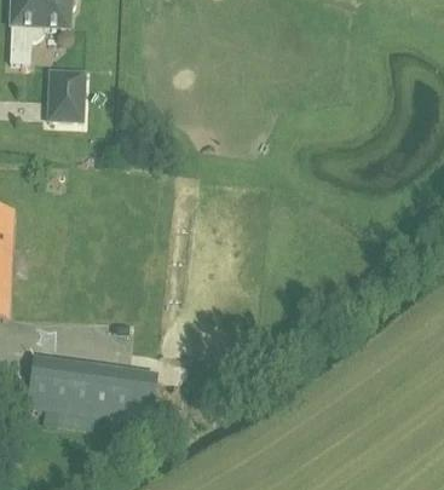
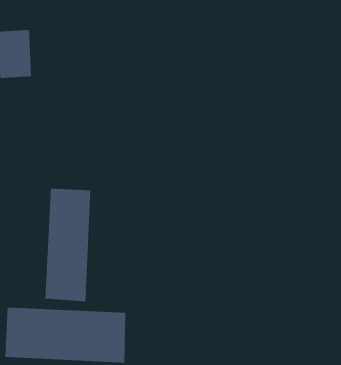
building: none -> [45,188,91,302]

